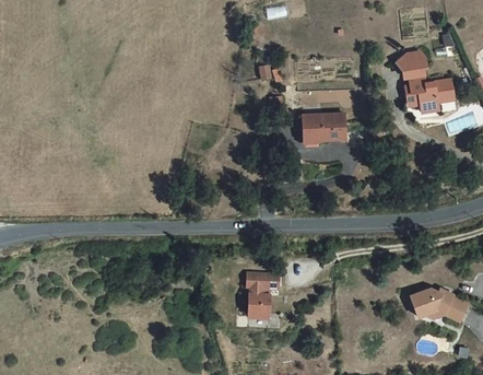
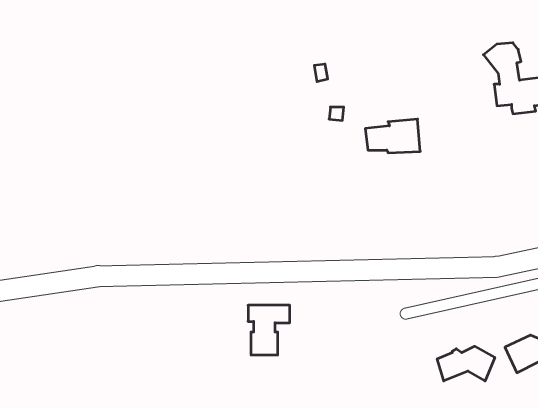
building: [248,276,282,316] -> [248,305,290,355]
building: none -> [437,346,495,381]

